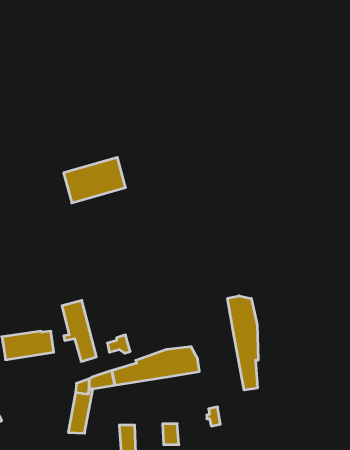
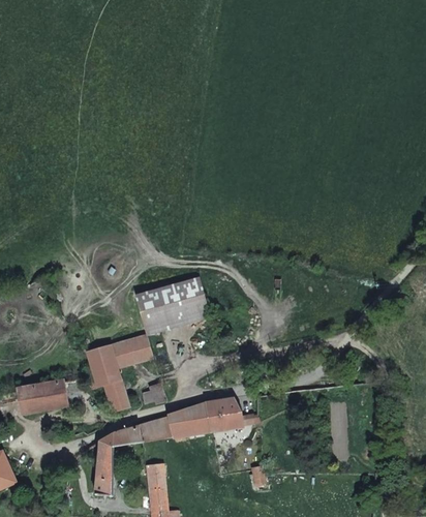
building: [64,157,126,203] -> [133,276,204,328]
building: none -> [108,335,151,369]
building: [228,296,258,390] -> none
building: [163,424,179,445] -> [149,462,168,486]

